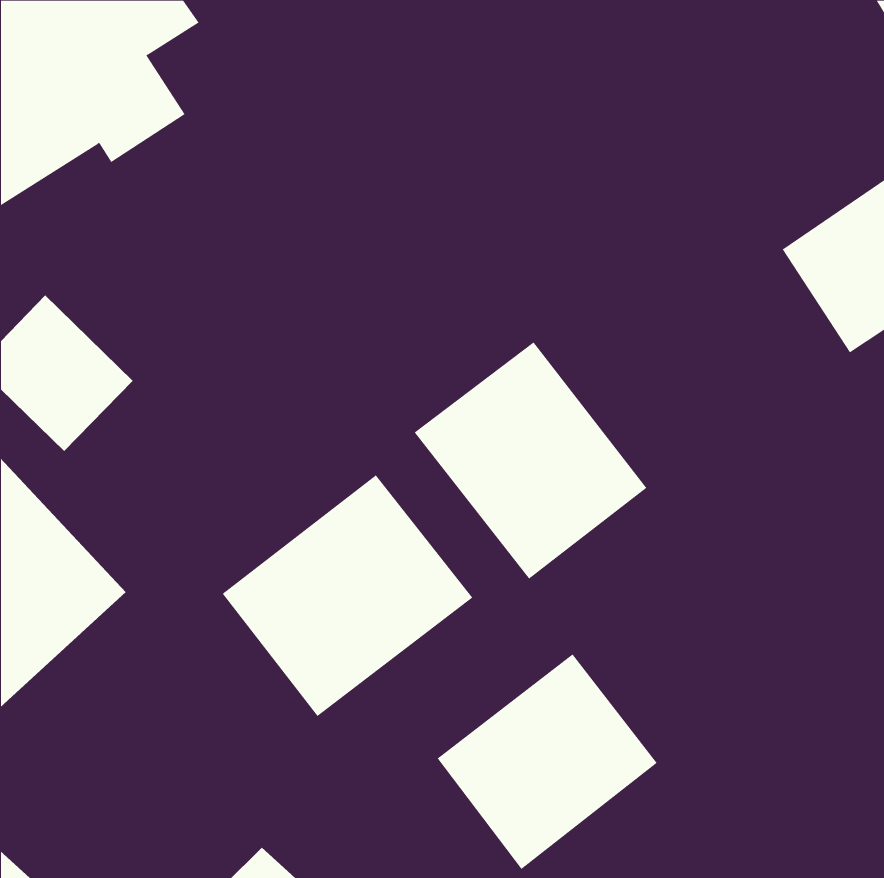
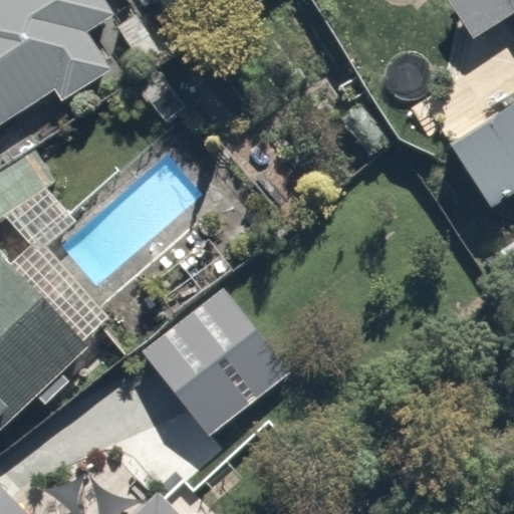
building: [414,342,647,579] -> none
building: [437,653,658,870] -> none

